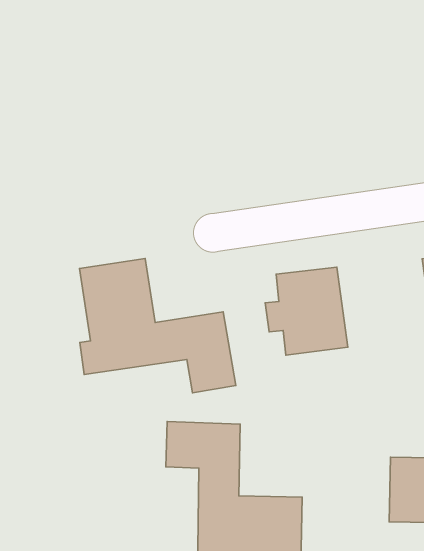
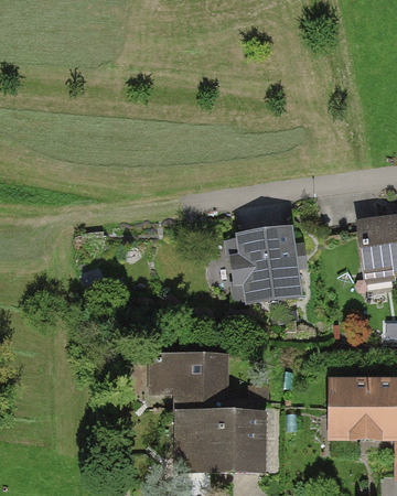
building: [79,258,236,393] -> none

